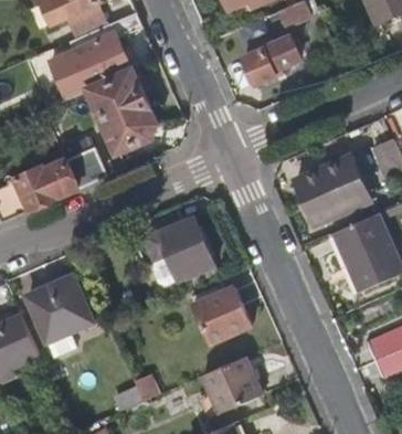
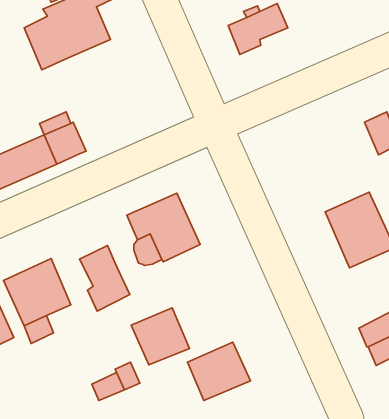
building: [89,70,155,149] -> none
building: [296,159,364,224] -> none
building: none -> [79,246,130,311]
building: [195,289,251,343] -> [131,308,190,365]

